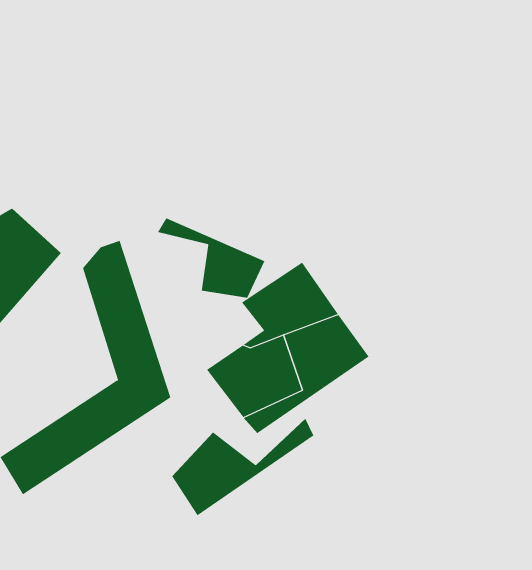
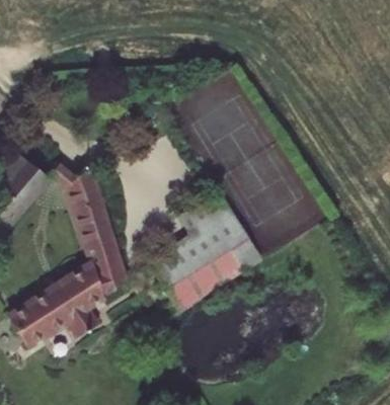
building: [157,218,265,299] -> none
building: [172,418,314,516] -> none

